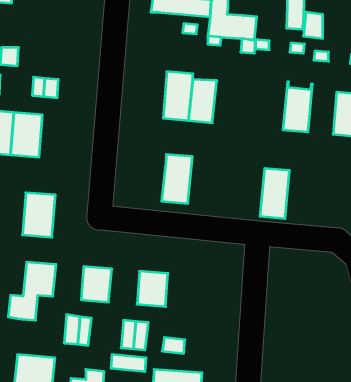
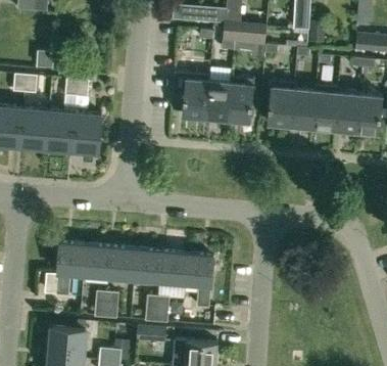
building: none -> [312,85,338,130]
building: [162,154,192,203] -> [227,78,254,122]
building: [260,168,290,219] -> [268,81,294,126]
building: [22,193,55,237] -> [71,112,101,152]
building: none -> [84,246,111,278]
building: none -> [134,250,161,282]
building: none -> [185,255,213,308]

